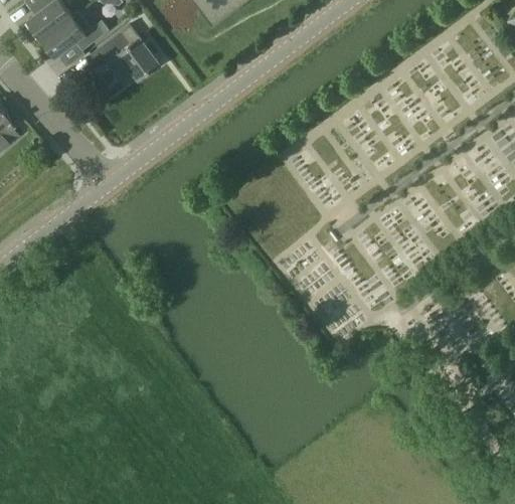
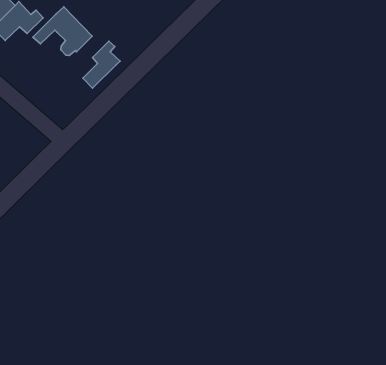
building: none -> [83,41,120,88]

